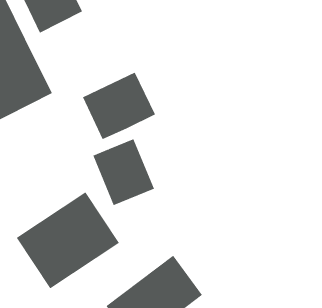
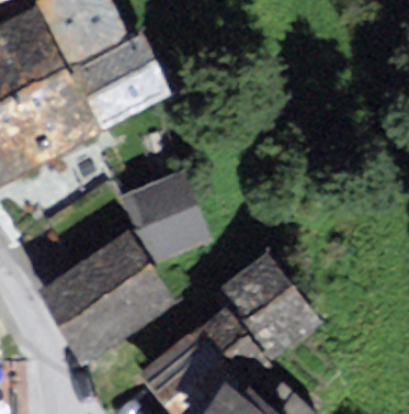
building: [82,72,156,140] -> [79,38,164,118]
building: none -> [225,259,308,349]

